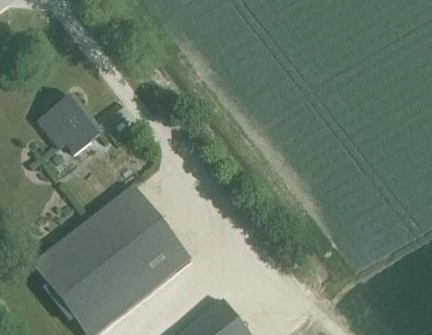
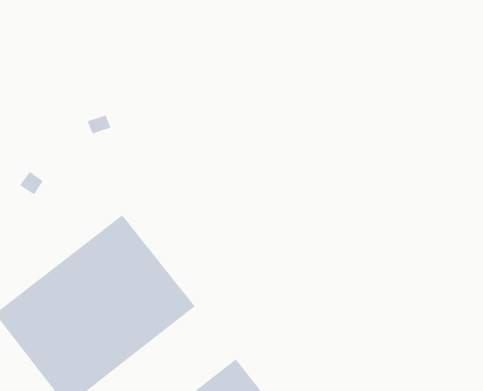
building: [46,94,103,153] -> none

